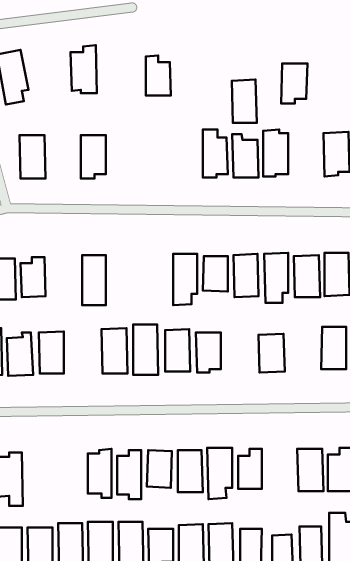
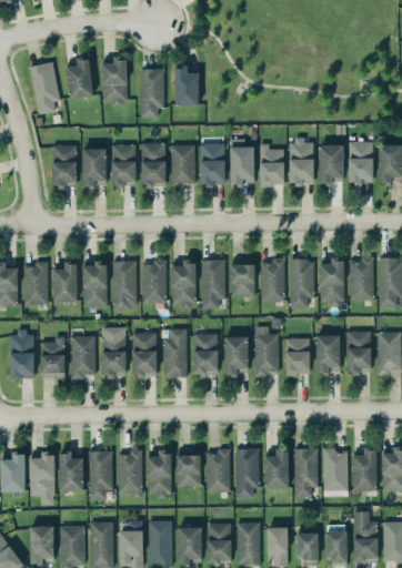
building: none -> [67,57,91,98]
building: none -> [140,69,163,118]
building: [281,63,307,103] -> [318,145,343,184]
building: [232,80,257,123] -> [200,143,224,185]
building: none -> [141,142,165,185]
building: none -> [170,144,194,185]
building: none -> [81,149,105,187]
building: none -> [141,258,165,302]
building: none -> [82,263,107,306]
building: none -> [170,263,197,305]
building: none -> [101,326,125,375]
building: none -> [254,326,279,374]
building: none -> [315,335,340,373]
building: none -> [293,448,318,497]
building: none -> [88,450,112,500]
building: none -> [59,452,83,490]

